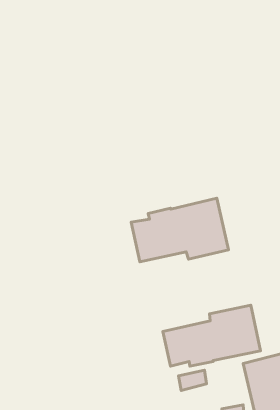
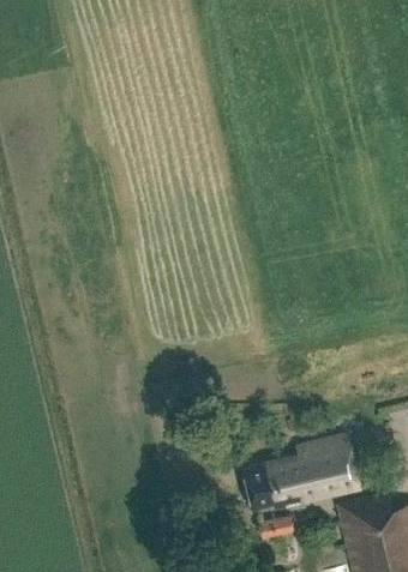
building: [131,198,229,262] -> none

